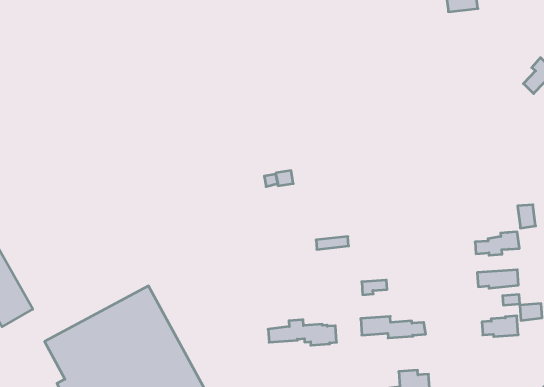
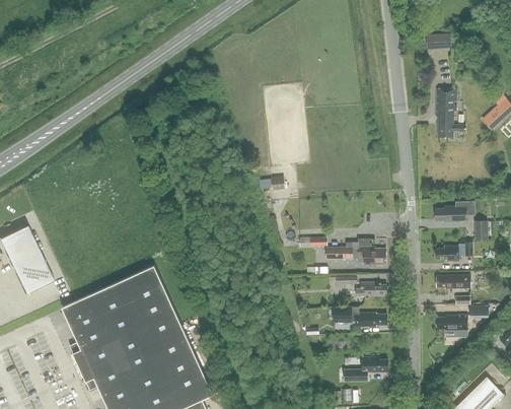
building: none -> [435,89,465,138]
building: none -> [436,206,466,222]
building: none -> [357,282,387,296]
building: [268,320,337,345] -> [328,243,386,265]

